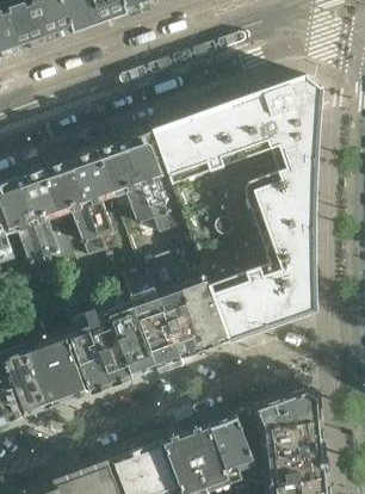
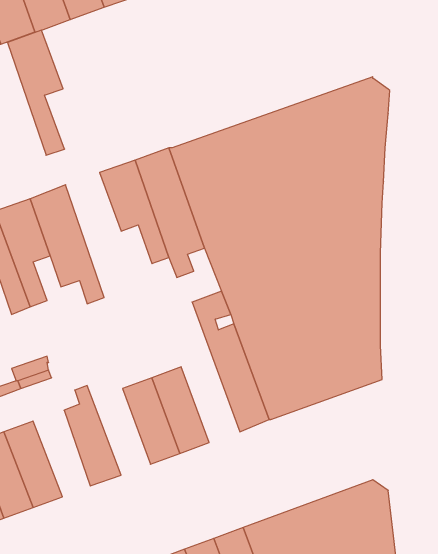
building: [72,148,116,245] -> [7,30,65,155]
building: [147,248,206,357] -> none
building: [81,284,137,382] -> none
building: [47,332,91,399] -> none

